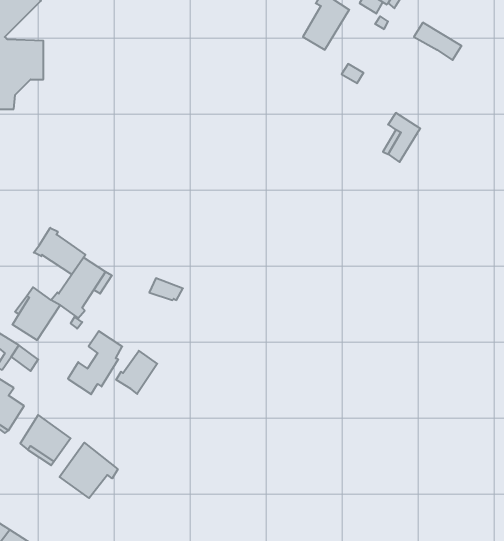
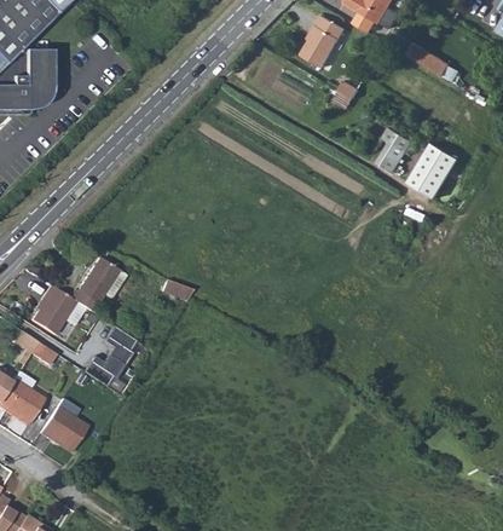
building: none -> [405,142,457,198]
building: [34,228,85,274] -> none
building: [116,351,157,394] -> none
building: [60,443,118,498] -> none

